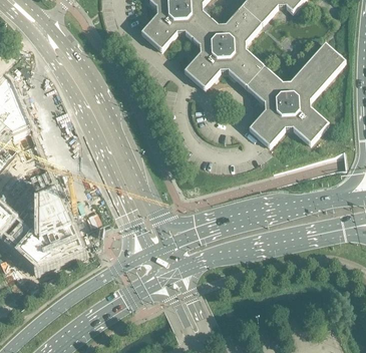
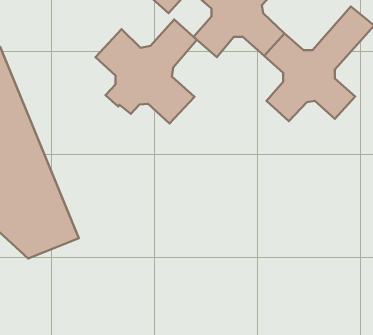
building: none -> [95,20,197,123]

